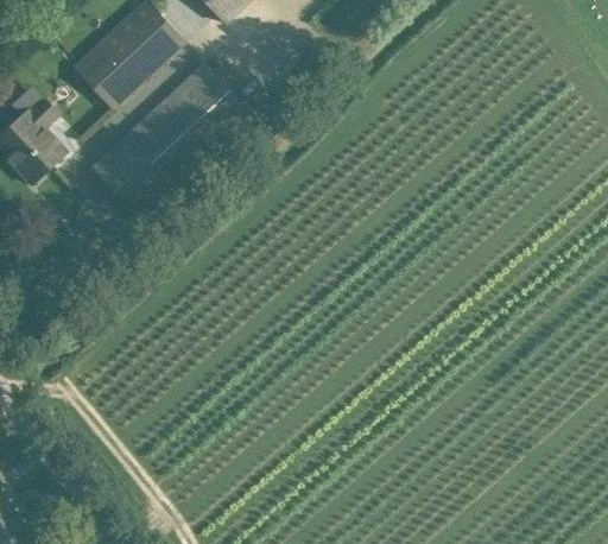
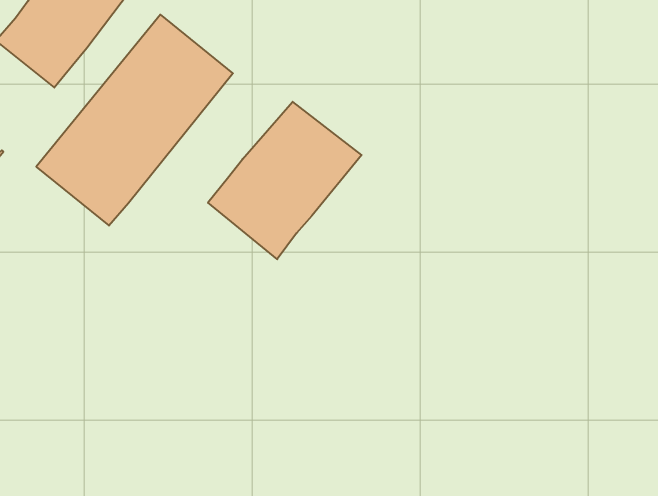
building: none -> [208,102,362,259]

